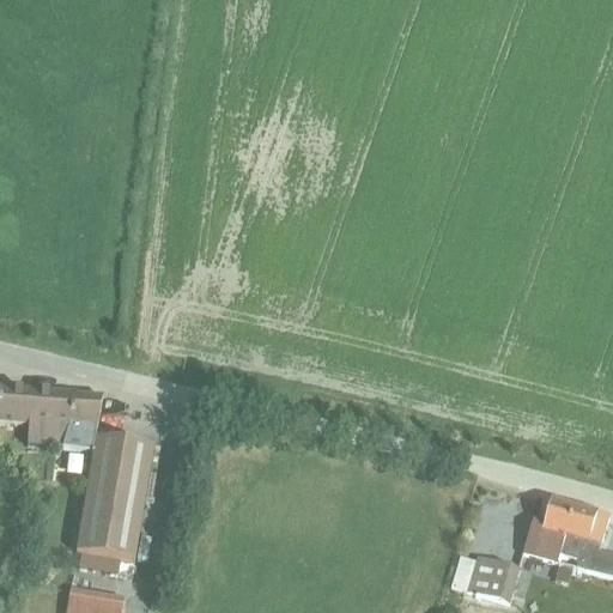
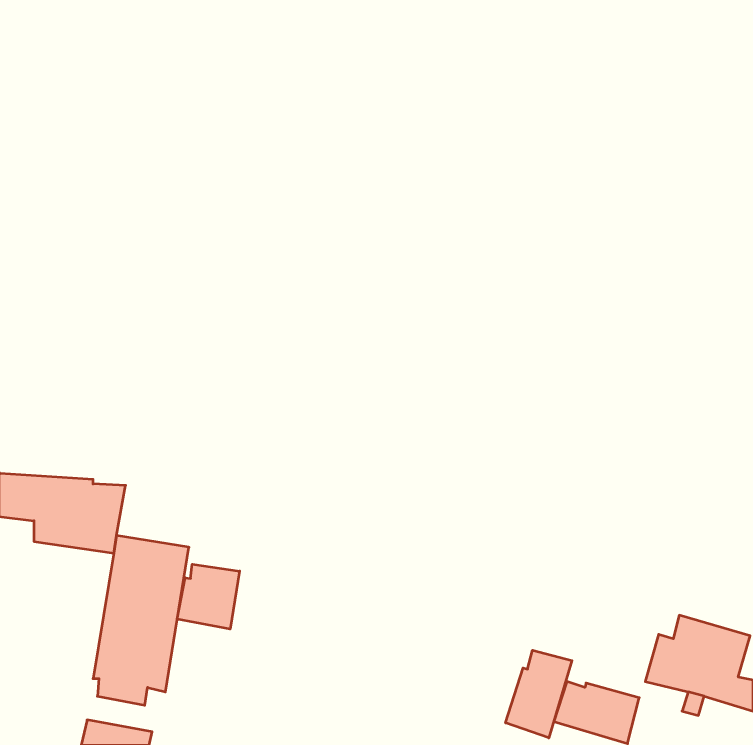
building: none -> [177,564,240,629]
building: none -> [506,650,572,738]

